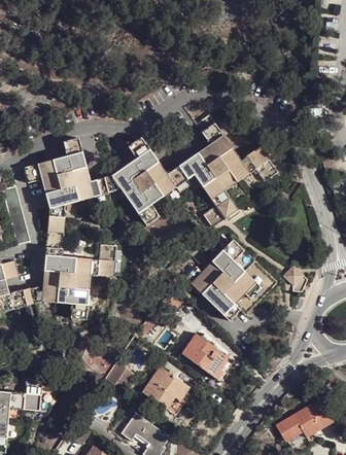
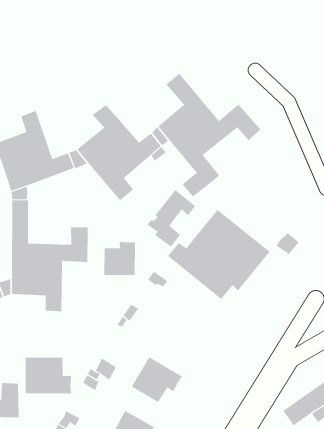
building: none -> [147,189,196,247]
building: none -> [104,241,135,276]
building: [180,332,233,381] -> none
building: none -> [25,357,72,394]

